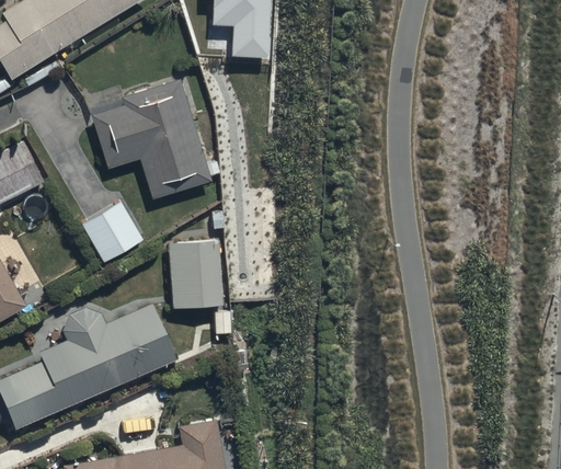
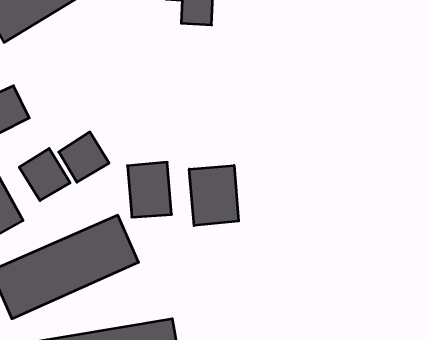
building: [92,81,209,201] -> none
building: none -> [19,148,70,201]
building: none -> [189,165,239,226]

